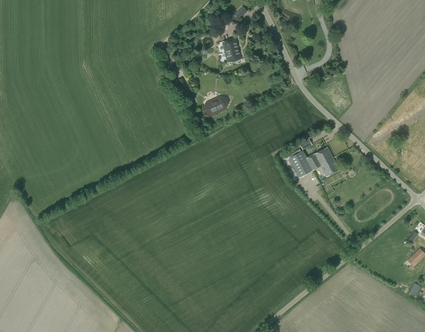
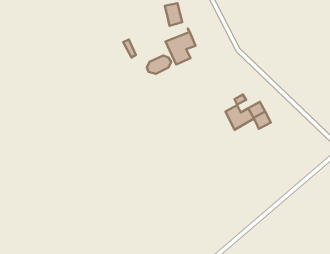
building: none -> [165,28,196,64]

